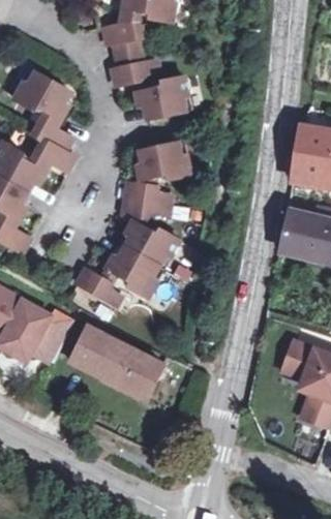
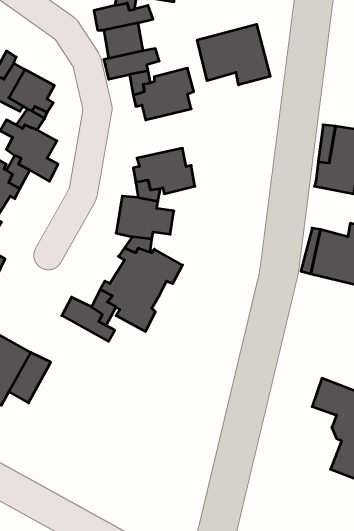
building: none -> [197,24,270,85]
building: [70,325,163,398] -> none

